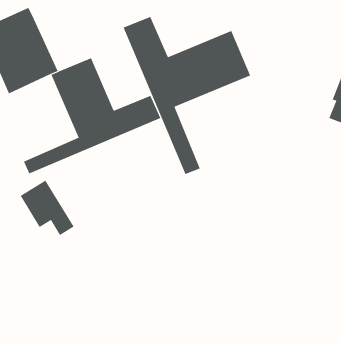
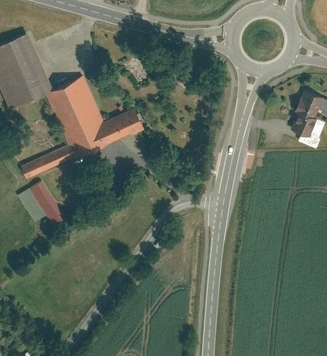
building: [123,16,251,175] -> none

